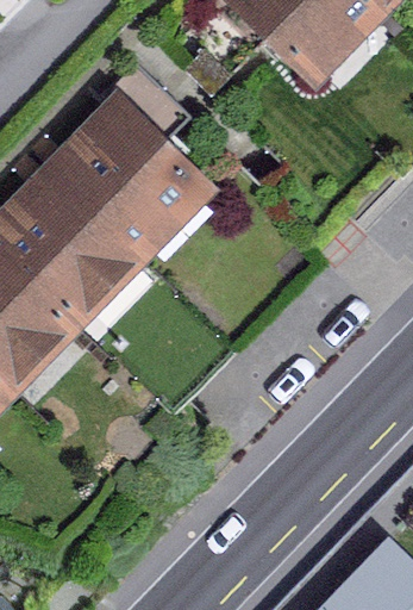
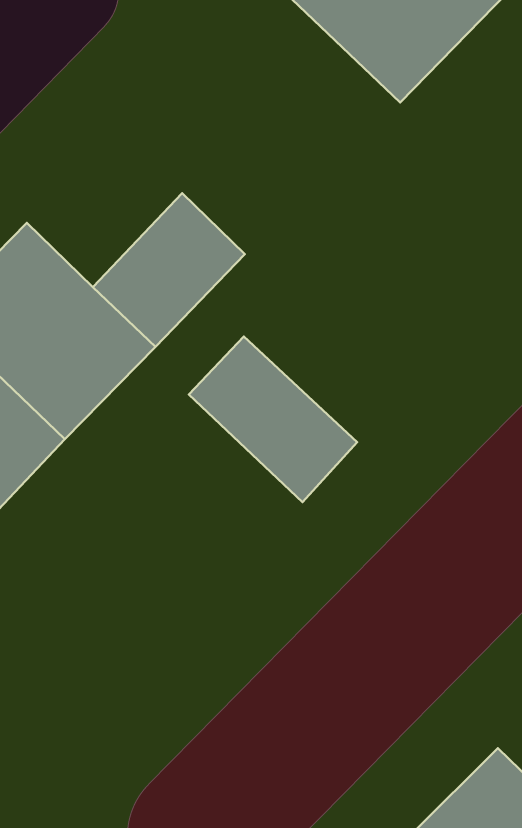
building: [51,100,163,213] -> none
building: none -> [189,336,357,502]

